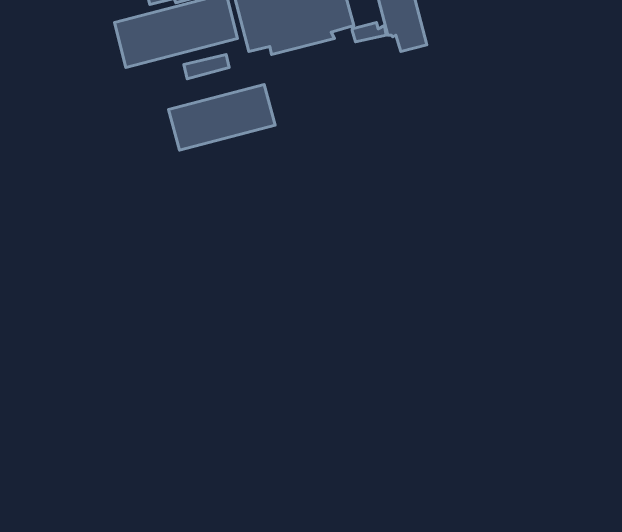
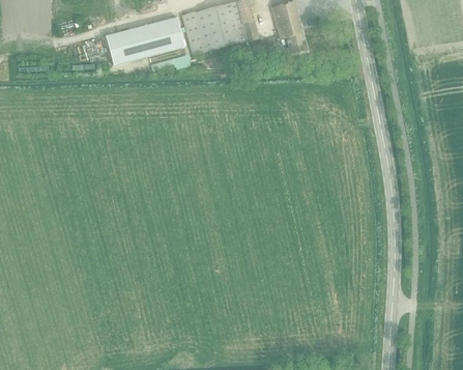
building: [168,84,275,150] -> none

